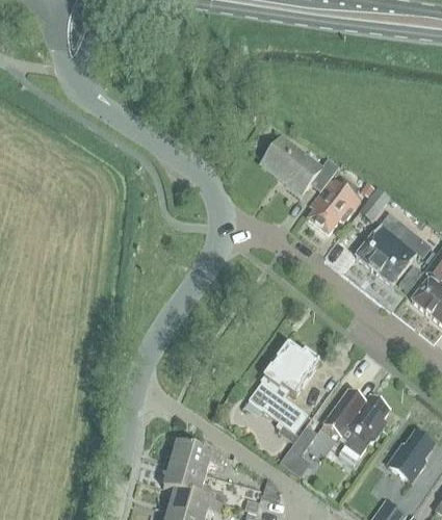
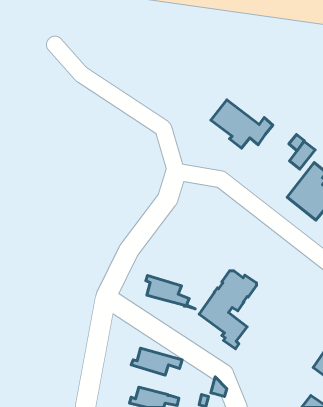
building: [307,178,359,232] -> none
building: [323,389,389,454] -> none
building: [280,424,327,475] -> none
building: [162,461,223,501] -> [146,276,195,309]

